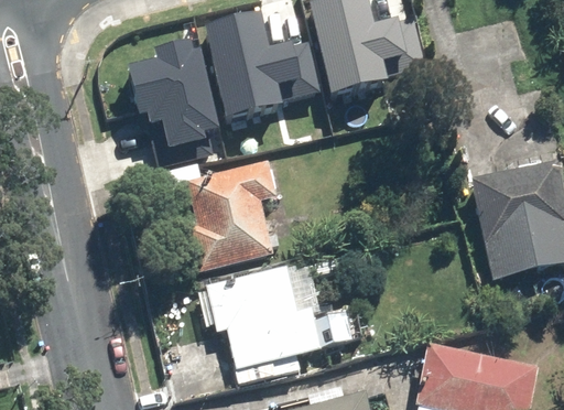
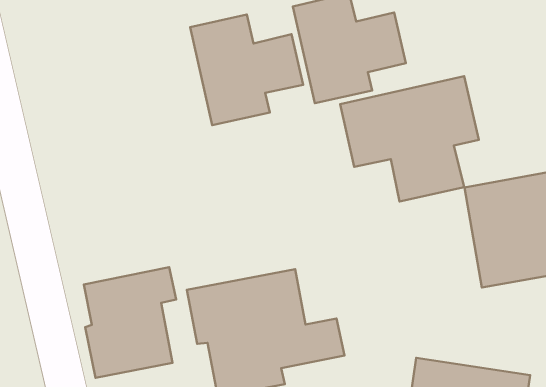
building: [124,41,217,158] -> none
building: none -> [340,76,479,202]
building: [188,162,276,268] -> [84,267,176,378]

